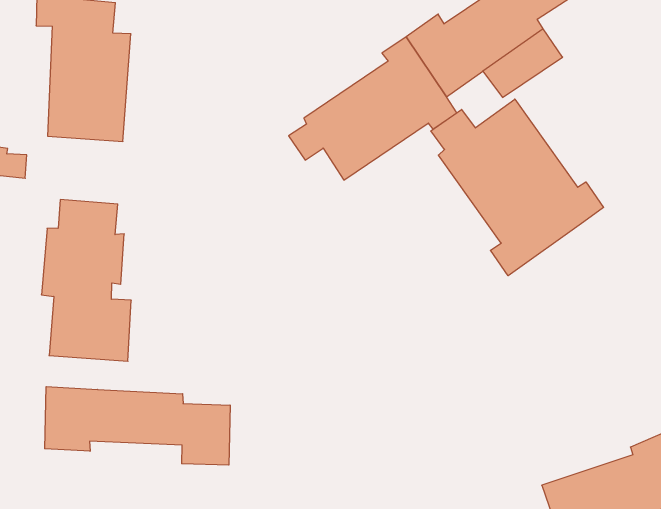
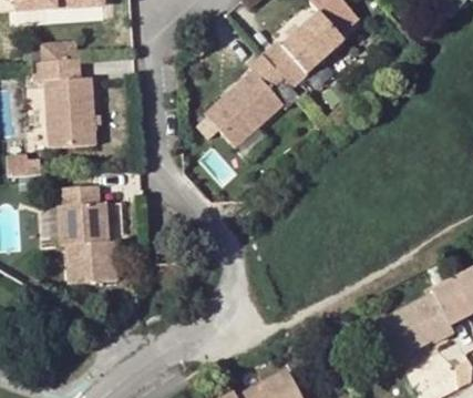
building: [431,99,604,276] -> none
building: [45,387,230,465] -> none

